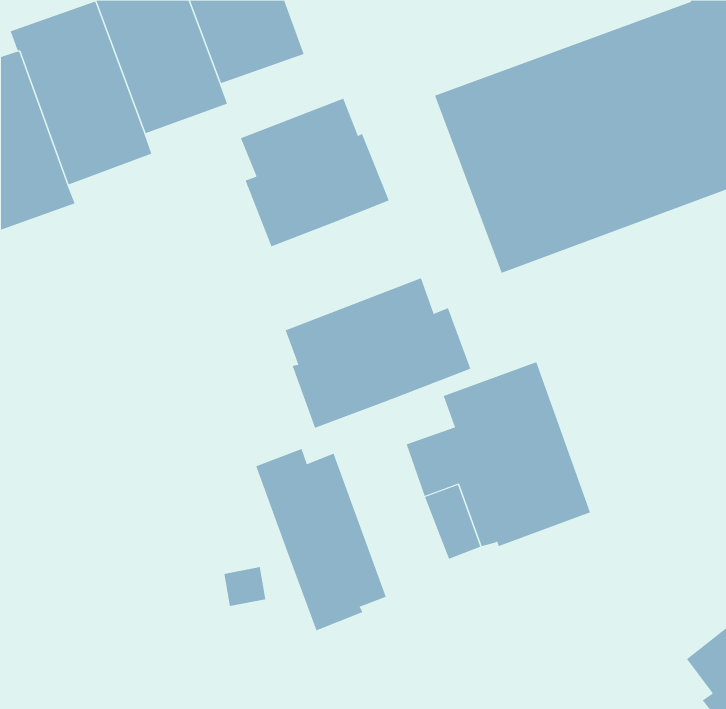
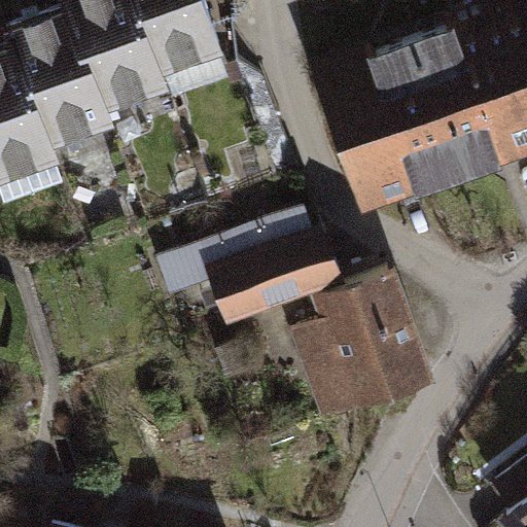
building: [240,98,389,247] -> none
building: [256,448,386,631] -> none

